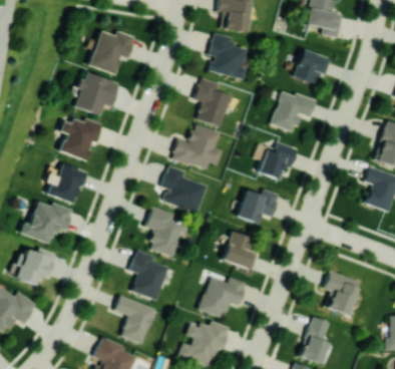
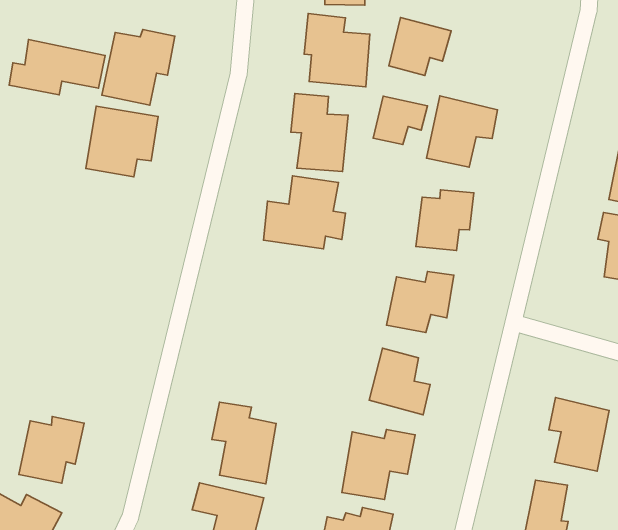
building: none -> [9,39,105,95]
building: [294,49,332,84] -> [389,17,451,76]
building: none -> [373,96,428,145]
building: [60,118,103,161] -> none
building: [48,164,86,204] -> none
building: [161,165,207,214] -> none
building: [21,202,74,245] -> none
building: [146,207,190,257] -> none

